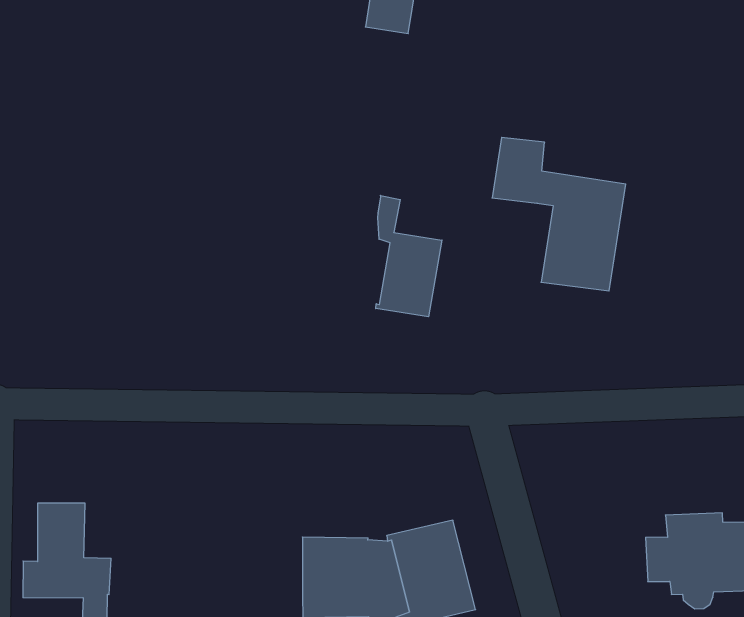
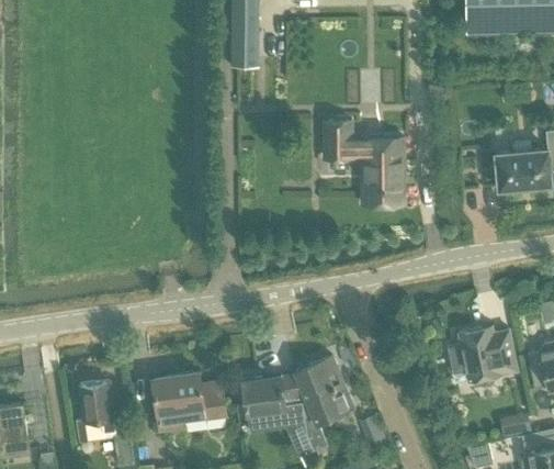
building: [376,195,442,317] -> none
building: none -> [152,372,227,433]

